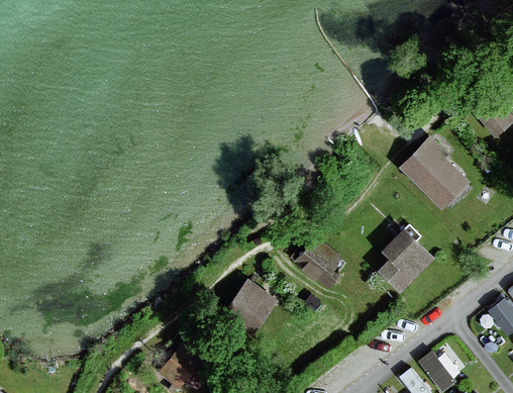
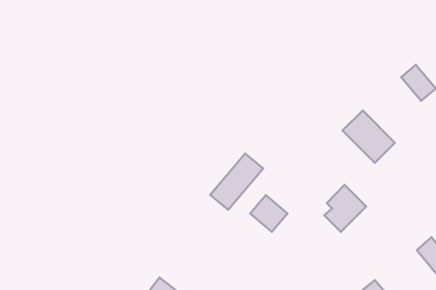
building: none -> [210,153,263,210]
building: [225,283,272,331] -> none

